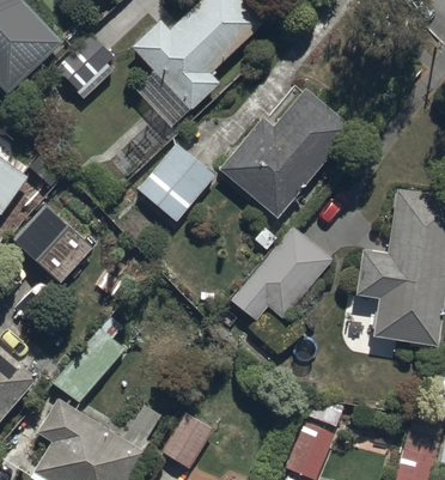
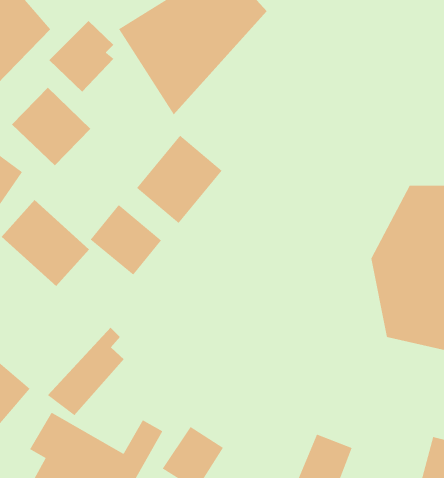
building: [212,89,345,215] -> none
building: none -> [11,87,91,166]
building: none -> [90,204,162,276]
building: [227,230,323,314] -> none

